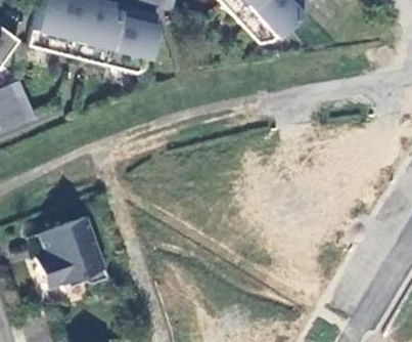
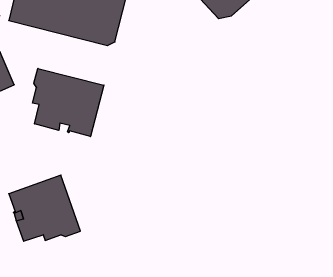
building: none -> [33,68,104,137]

